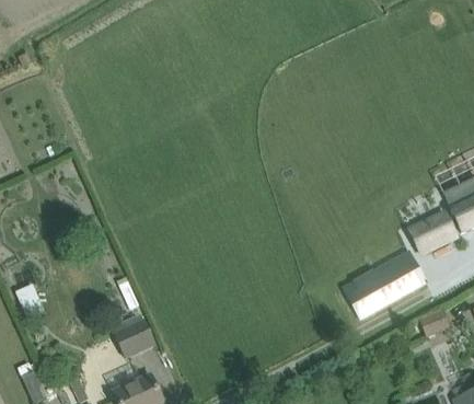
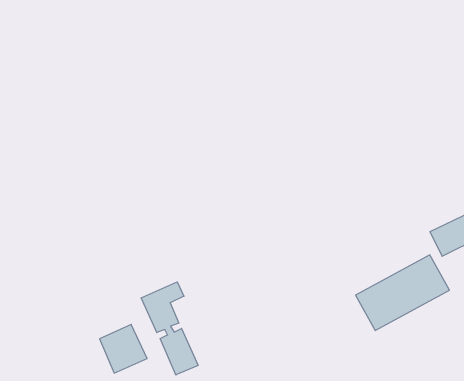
building: none -> [141,282,198,375]

